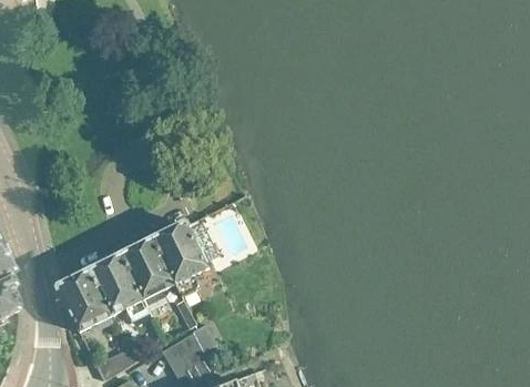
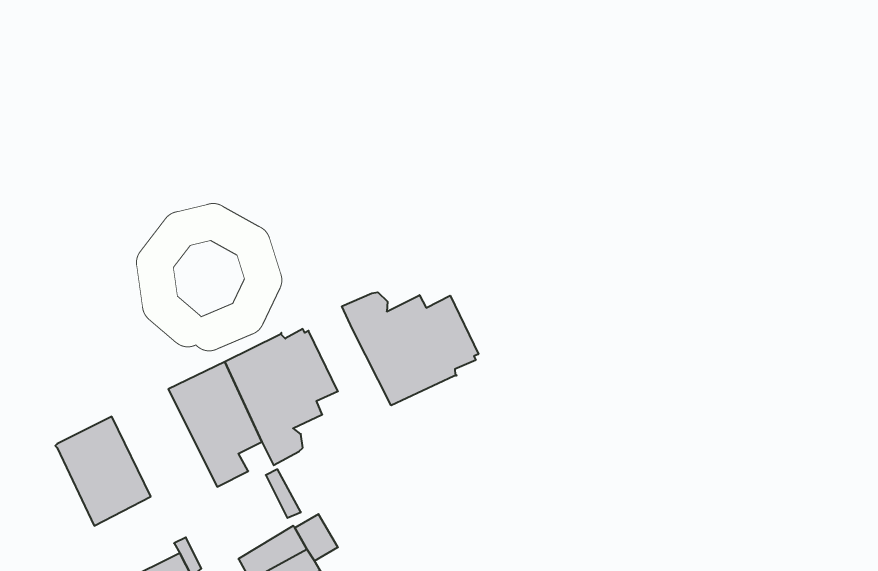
building: none -> [342,292,478,405]
building: [86,254,147,322] -> none

